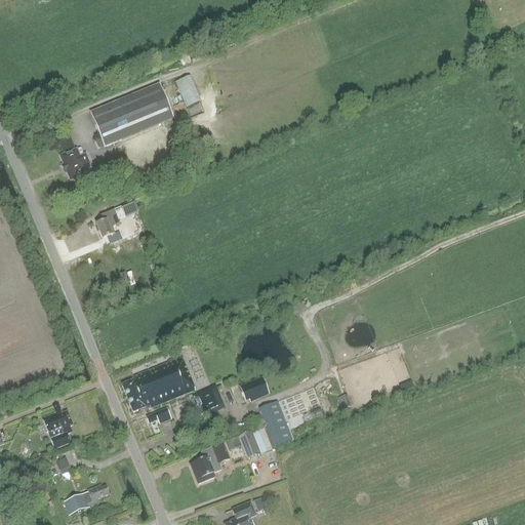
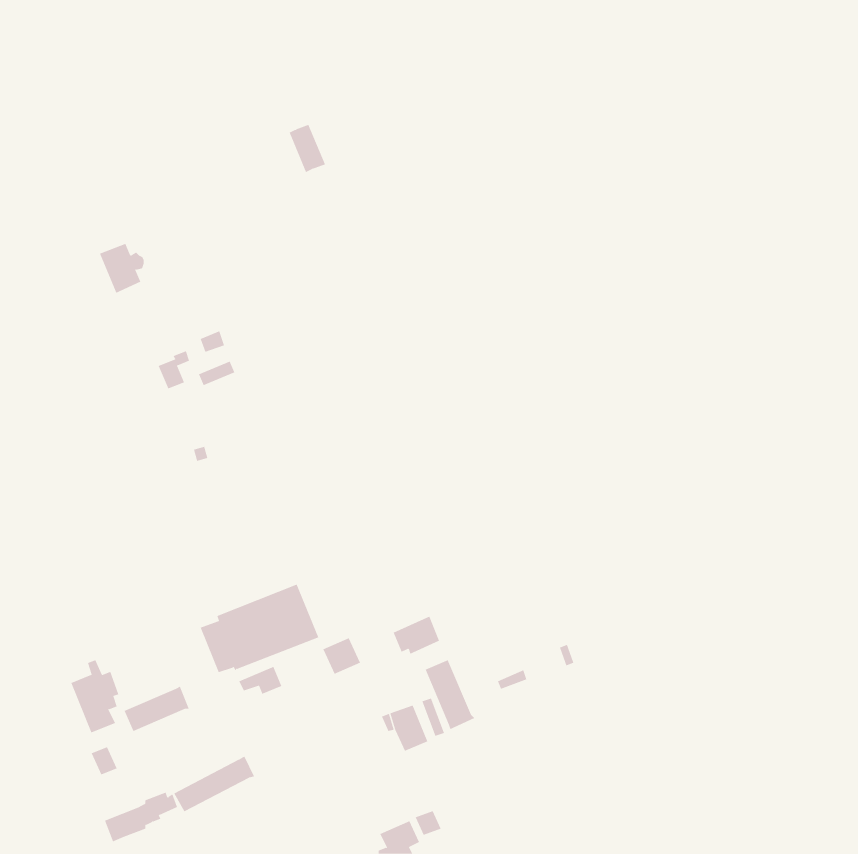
building: [90,82,173,146] -> none
building: none -> [124,686,189,732]
building: [190,444,230,483] -> none
building: none -> [174,756,255,812]

